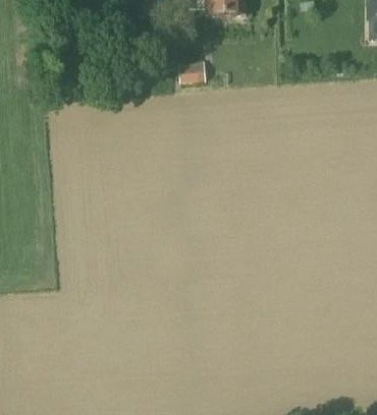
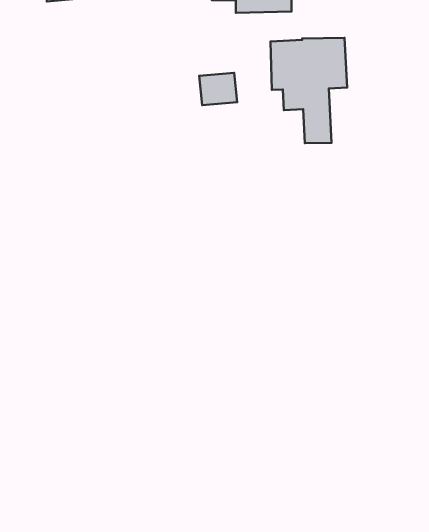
building: none -> [271,38,347,143]

